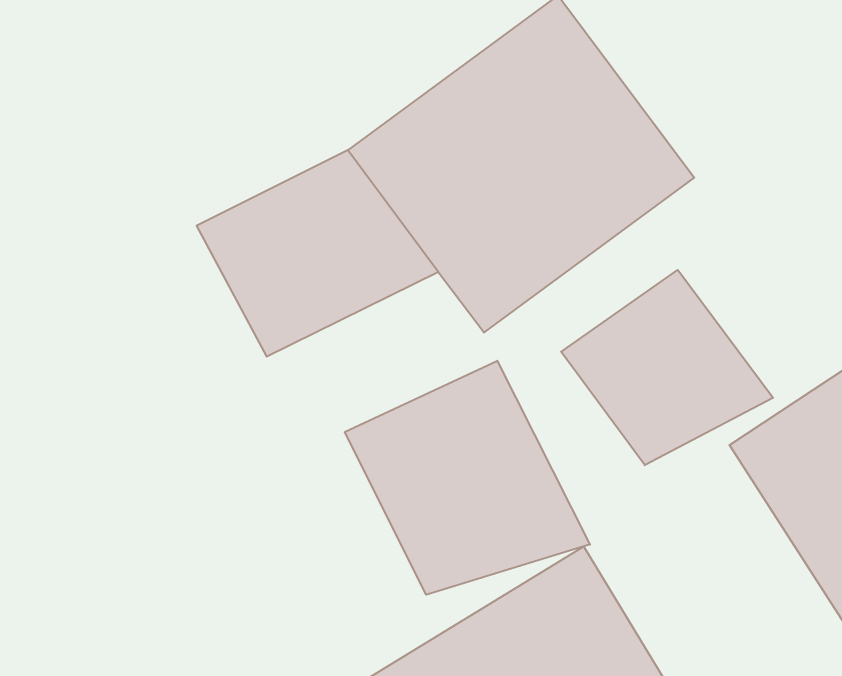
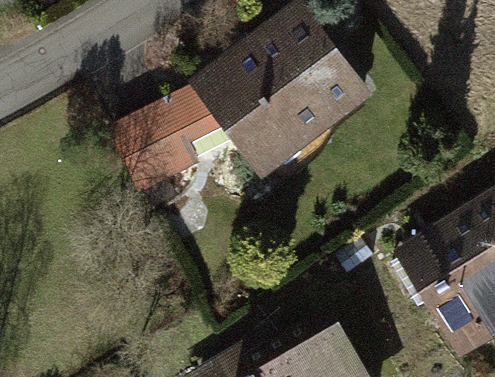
building: [561,270,773,465] -> none
building: [345,361,590,595] -> none

